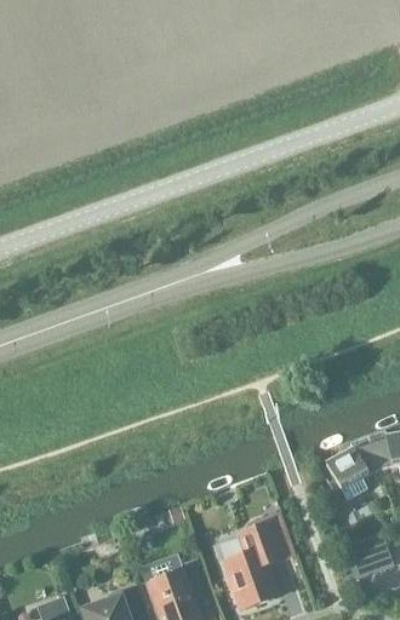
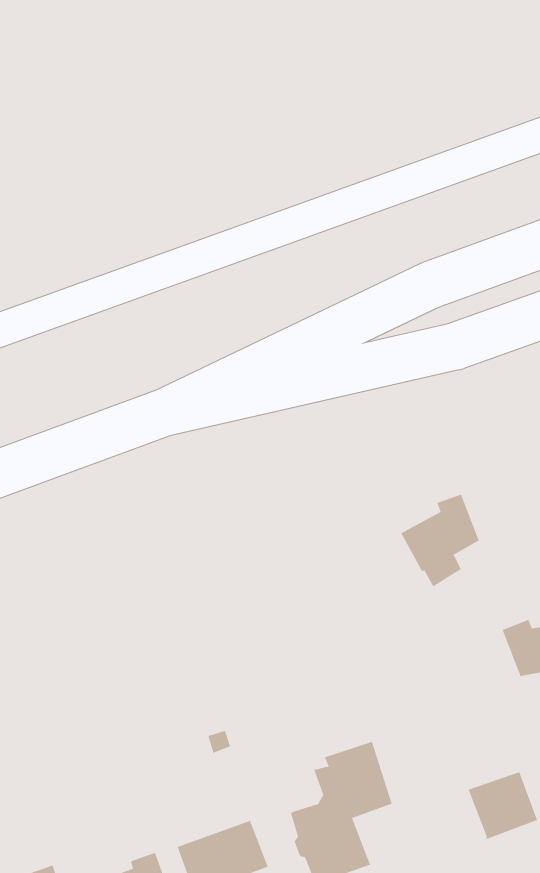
building: [326,438,379,501] -> [400,494,479,587]

